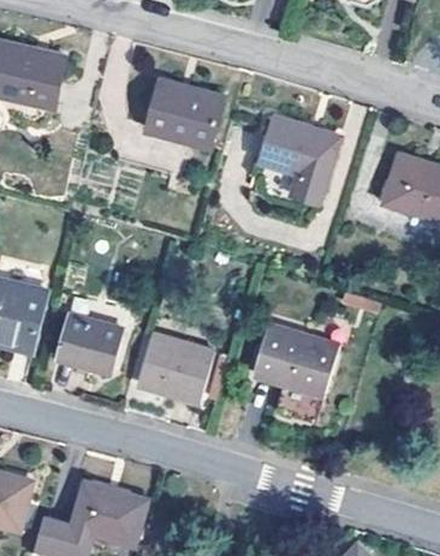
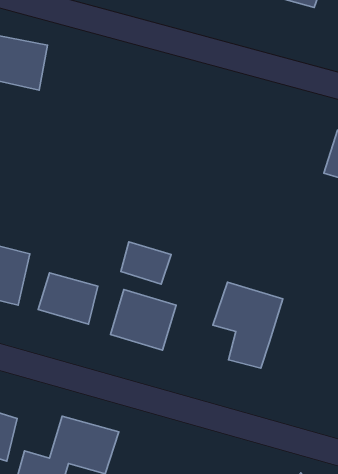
building: [145,77,222,147] -> none
building: [258,115,338,202] -> none
building: none -> [121,242,171,284]

